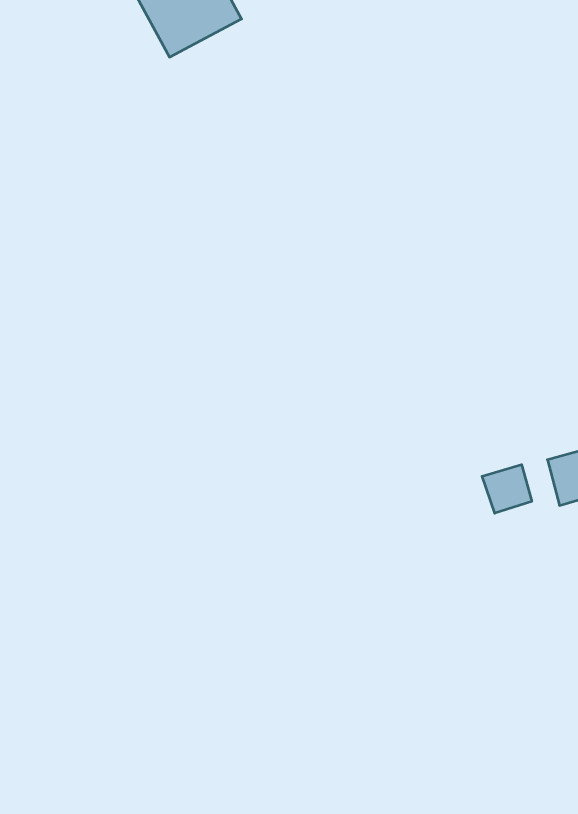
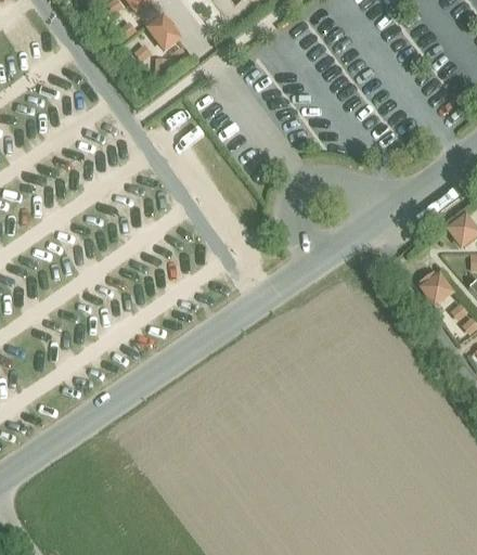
building: [482,465,532,513] -> none

